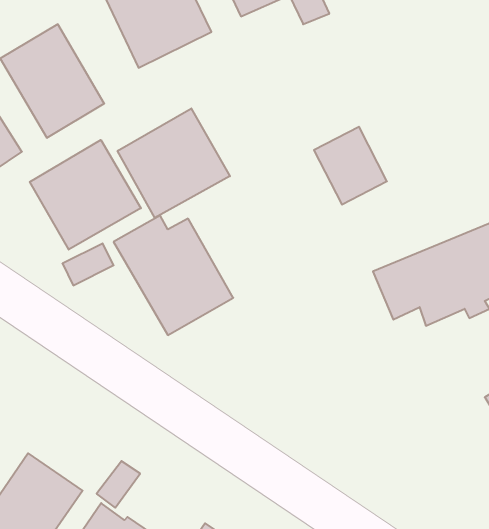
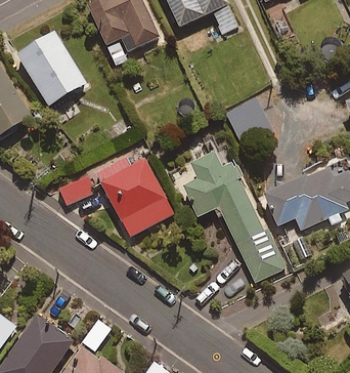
building: [118,108,230,218] -> none
building: [30,140,141,250] -> none
building: none -> [182,154,286,280]

